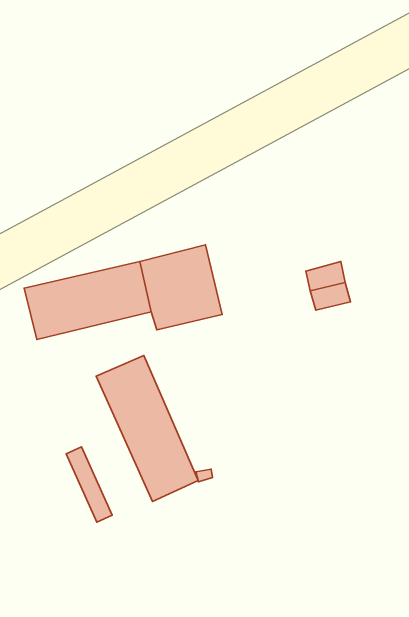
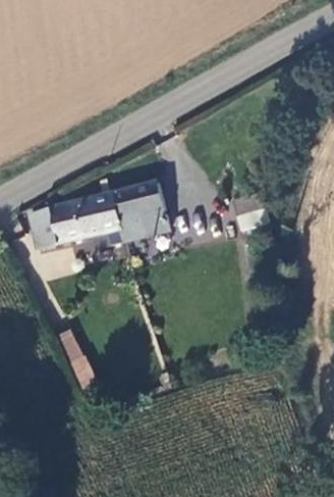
building: [96,356,198,501] -> none

